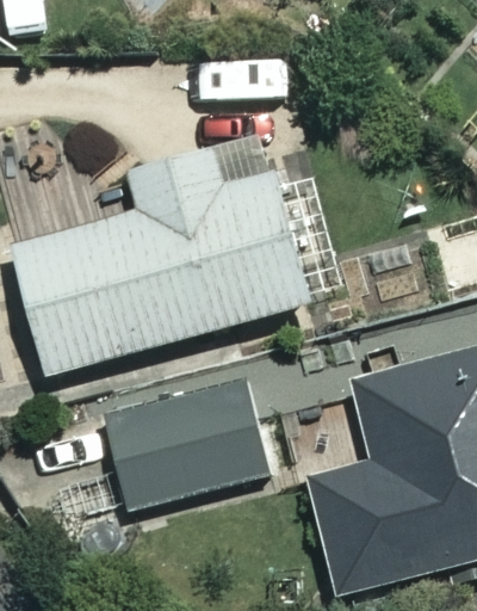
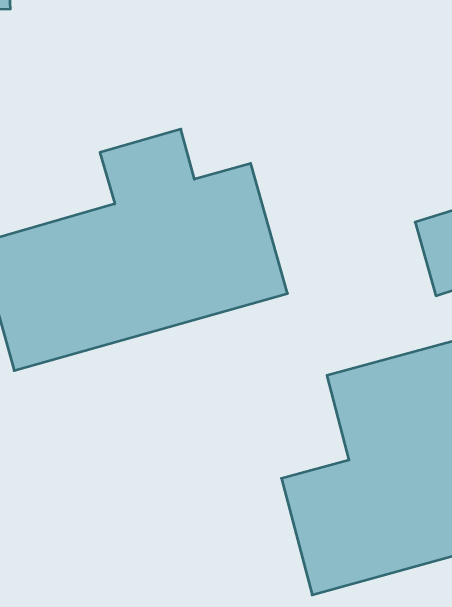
building: [104,377,267,512] -> none

